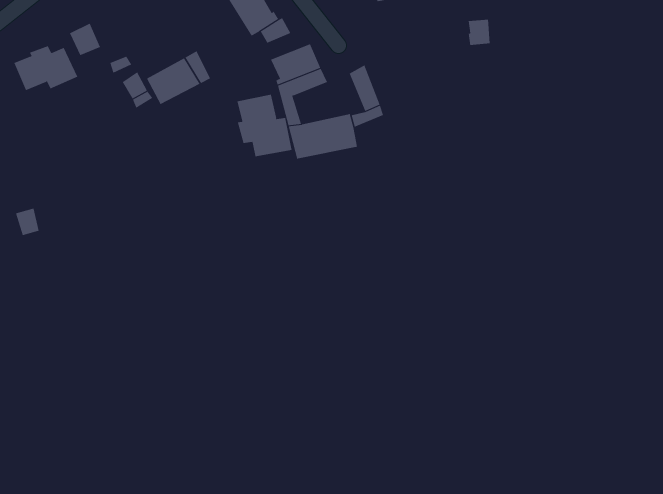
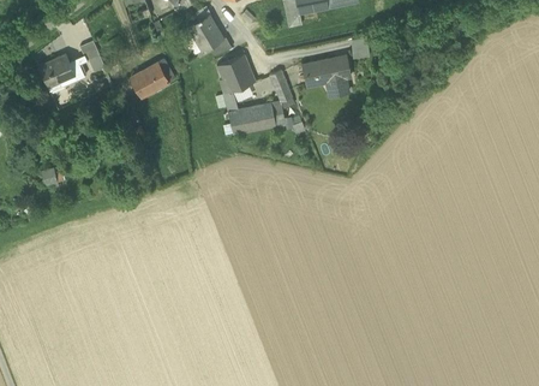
building: none -> [303,57,351,95]
building: [237,94,292,157] -> none

